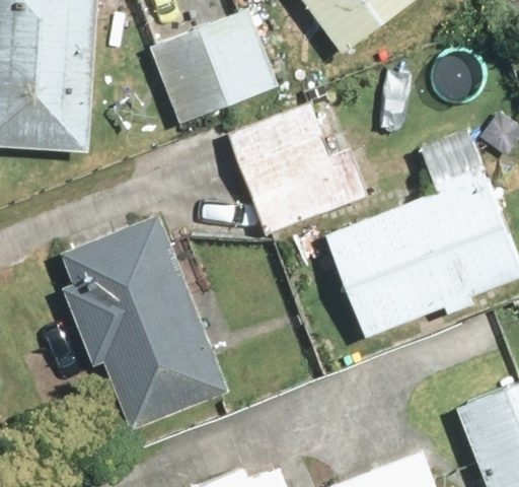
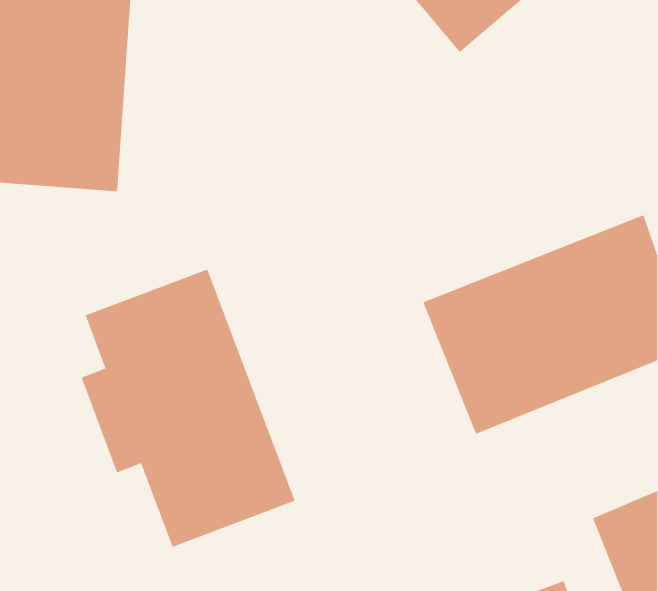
building: [145,15,271,123] -> none
building: [229,108,371,232] -> none

